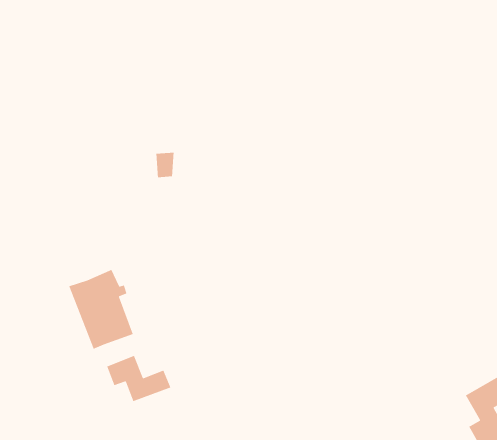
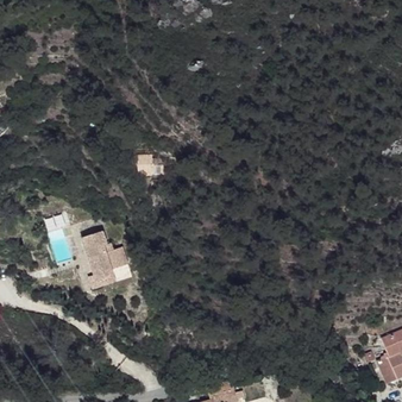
building: [106,355,171,402] -> none

